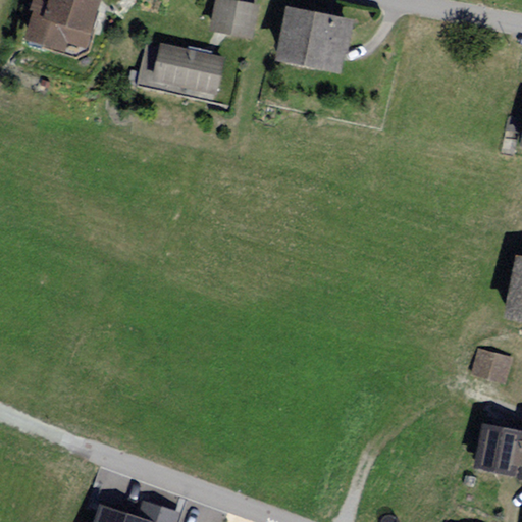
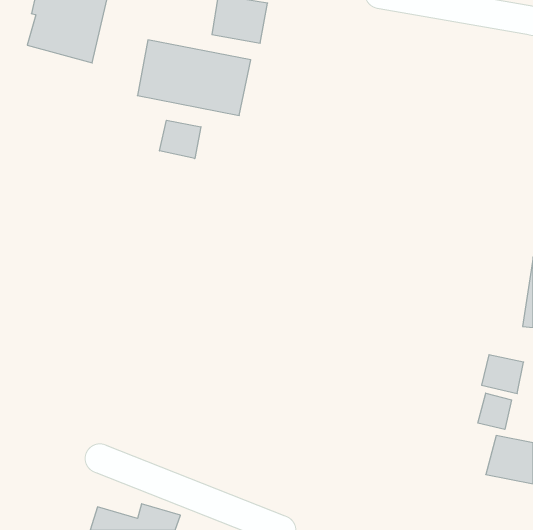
building: [278,7,358,75] -> none
building: none -> [160,120,201,159]
building: none -> [478,393,512,429]

